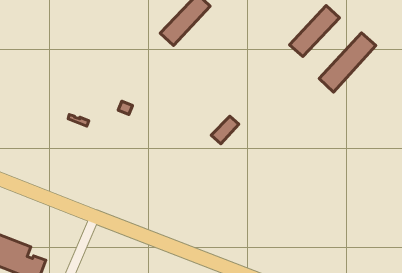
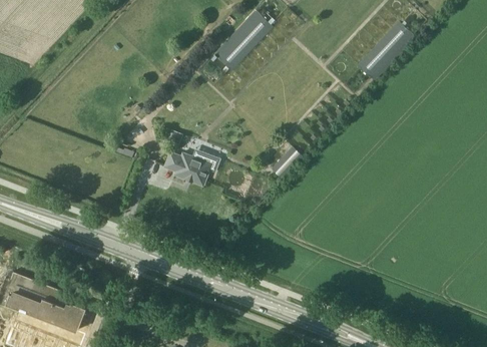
building: [319,33,376,92] -> none
building: none -> [163,152,219,186]

